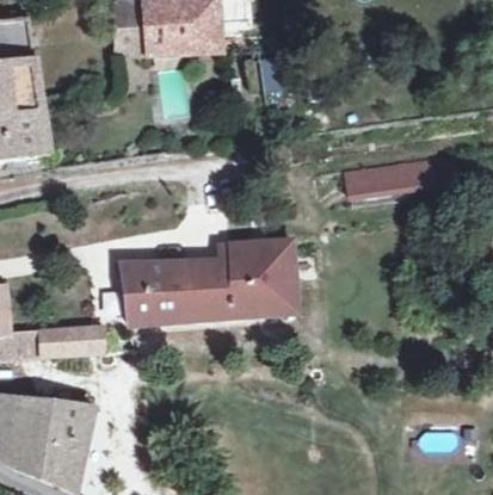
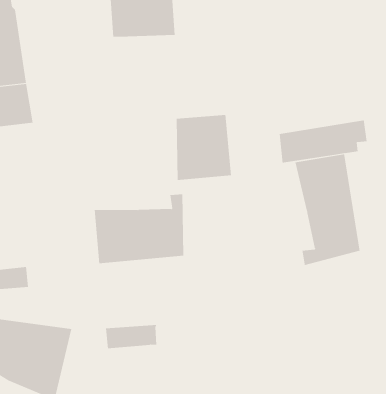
building: none -> [295,154,360,266]
building: [230,237,298,317] -> [176,115,232,181]
building: [41,326,104,355] -> [105,324,157,349]

